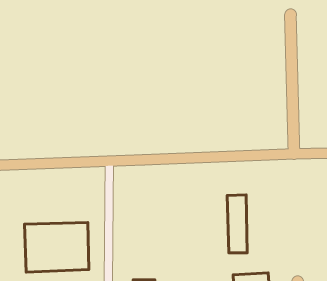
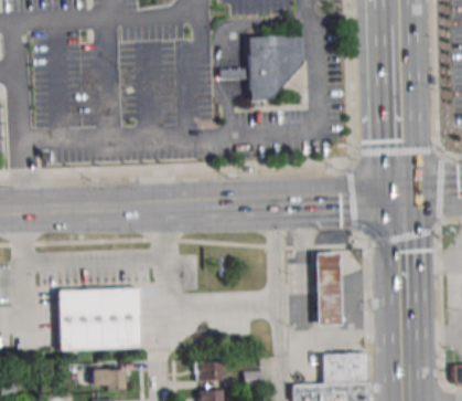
building: none -> [248,35,304,101]

